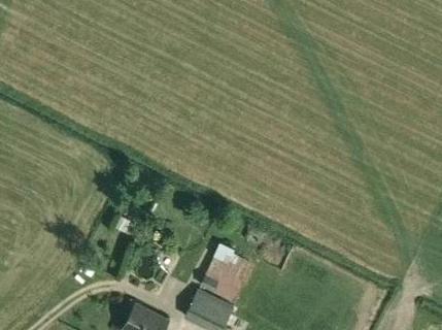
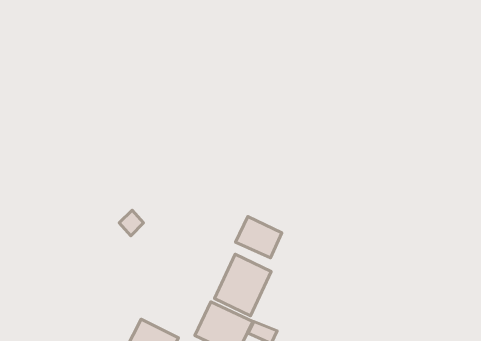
building: none -> [236,217,282,258]

